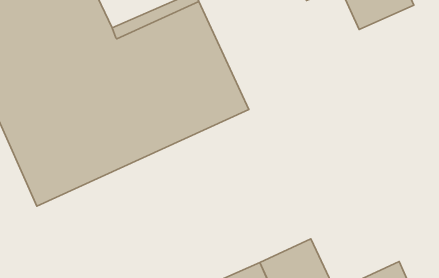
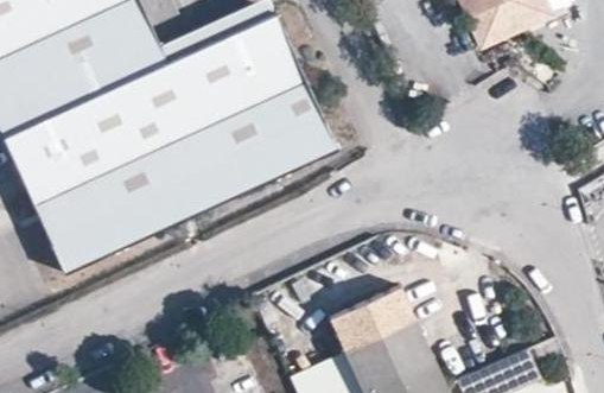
building: none -> [335,286,417,350]

